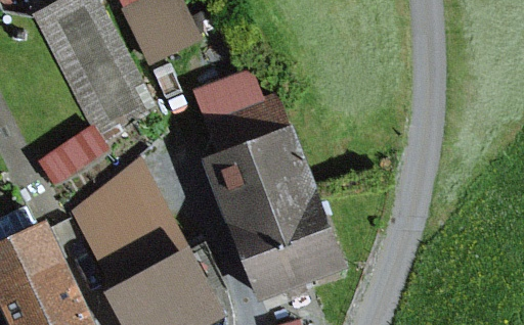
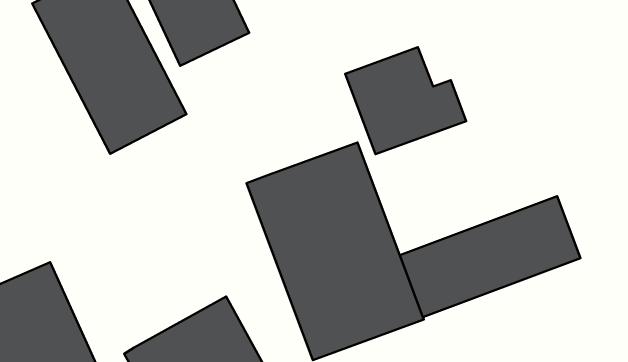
building: [193,67,291,153] -> [345,47,466,154]
building: [73,154,185,291] -> none
building: none -> [400,196,581,317]

